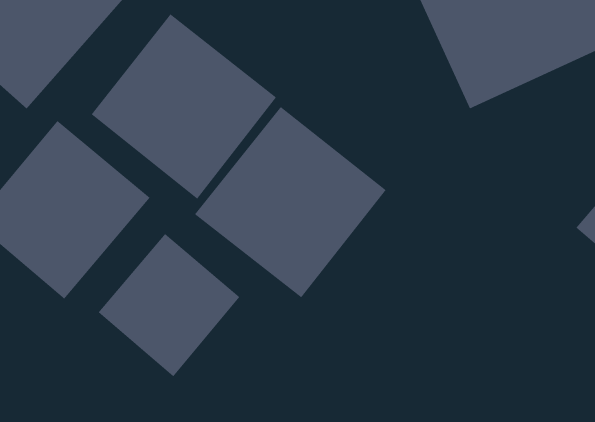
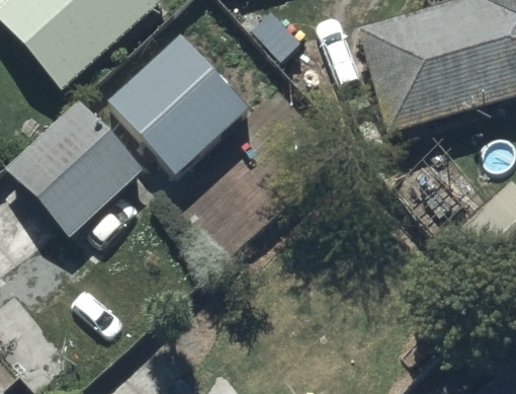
building: [194,106,386,298] -> none
building: [98,233,240,377] -> none

